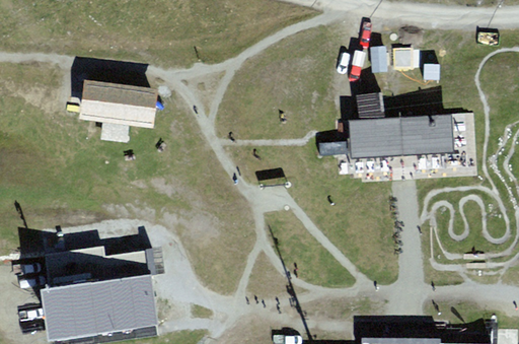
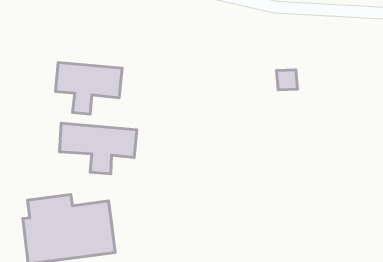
building: [347,114,454,158] -> none
building: none -> [60,123,137,174]

